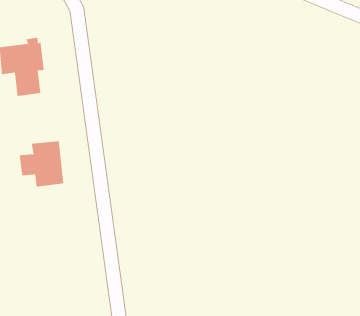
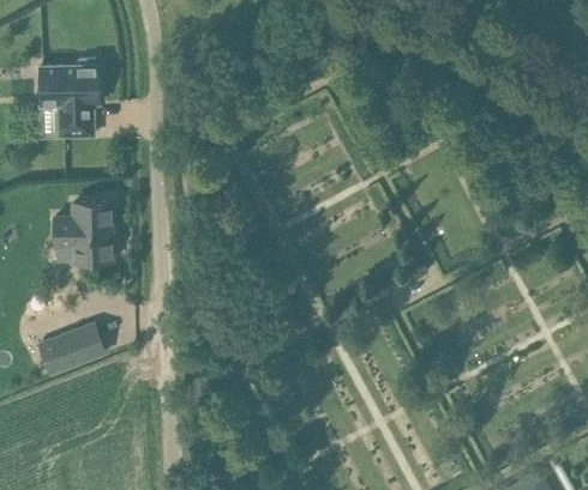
building: none -> [38,325,106,375]

